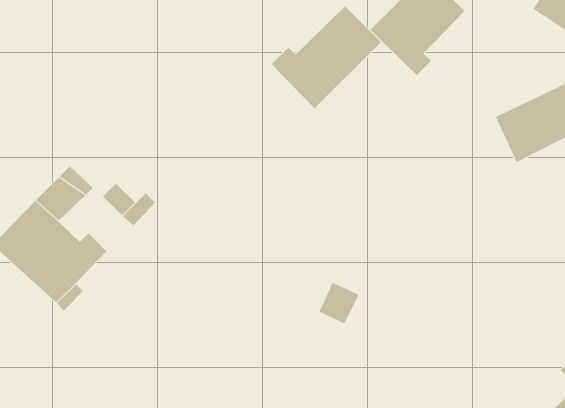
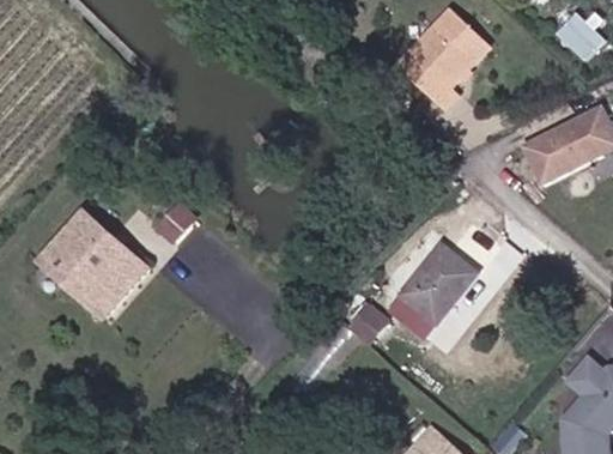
building: [271,5,382,109] -> none
building: none -> [401,235,487,328]

